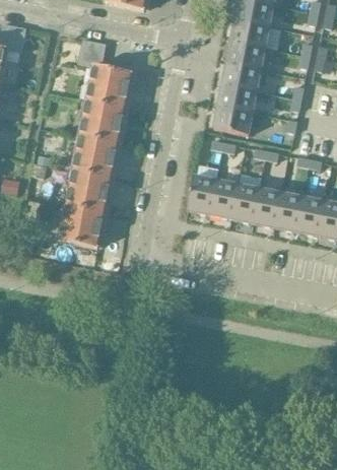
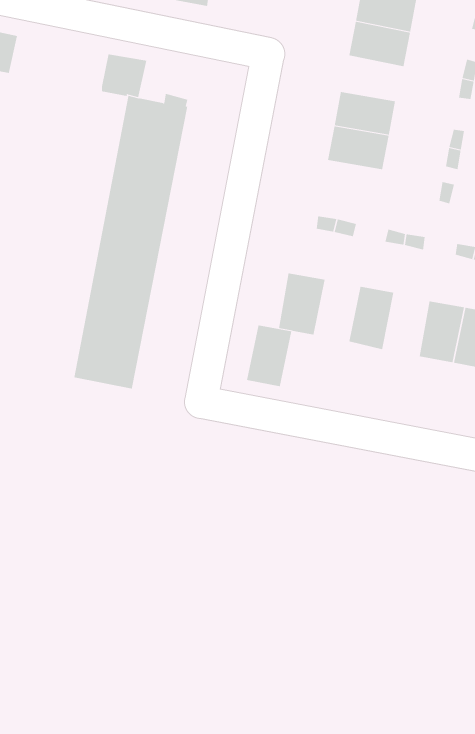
building: [225,39,265,67] -> none
building: [213,104,252,133] -> none
building: [209,178,238,216] -> [246,325,292,387]
building: [252,186,280,225] -> none

